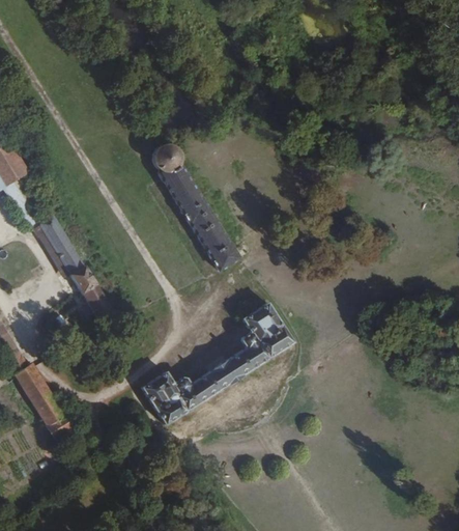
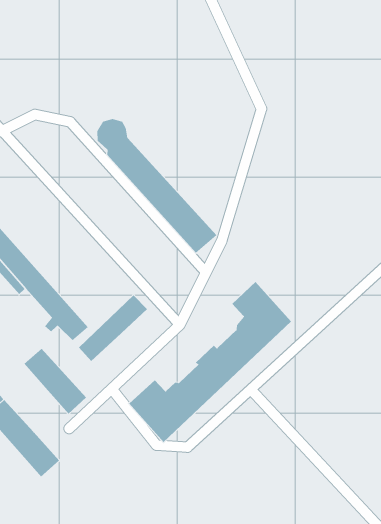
building: none -> [78,295,148,362]
building: none -> [24,348,87,414]

